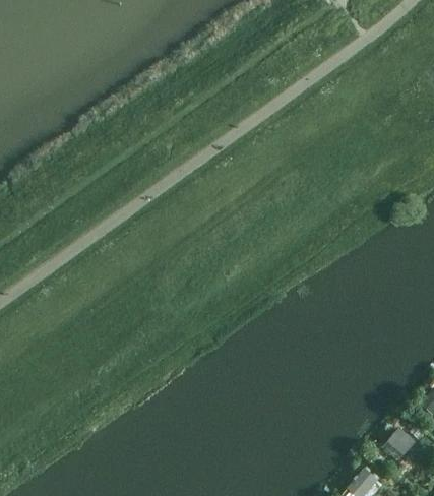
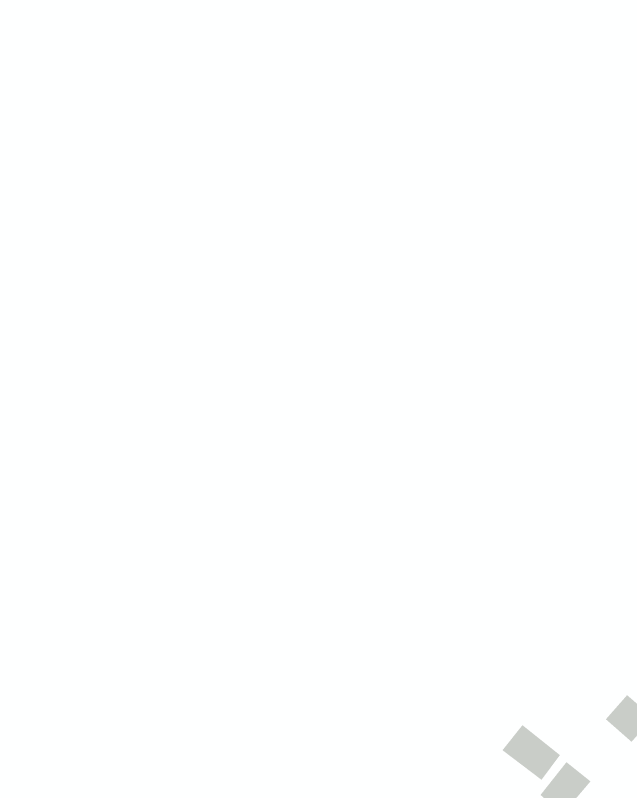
building: none -> [501,724,561,781]

